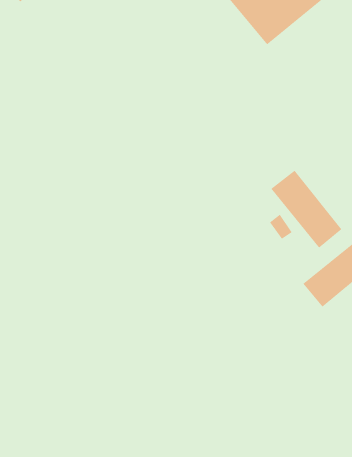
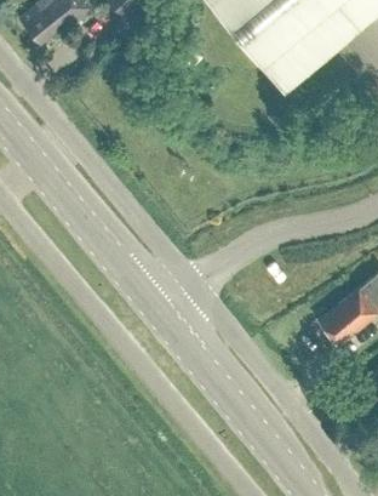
building: [271,170,342,248] -> none

